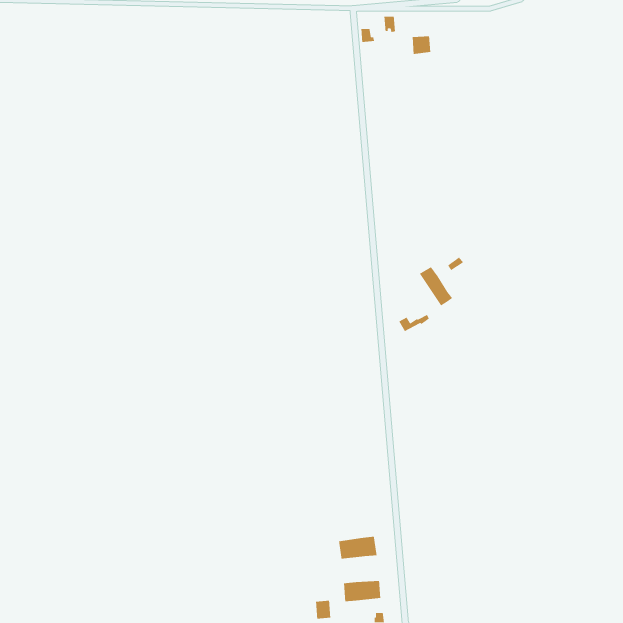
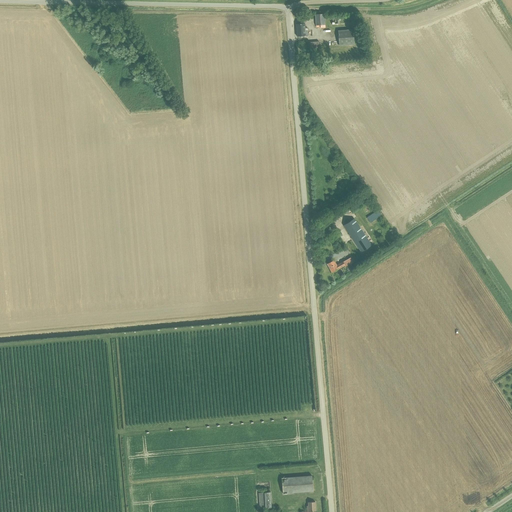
building: [338,536,377,559] -> none

